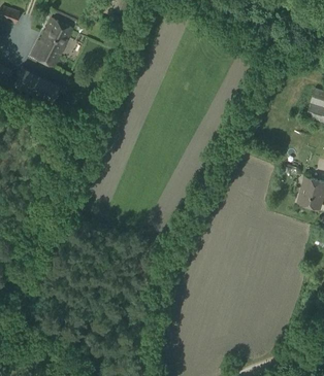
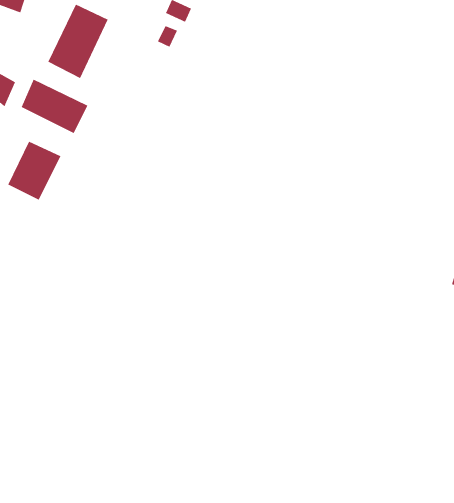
building: none -> [8,141,61,201]

